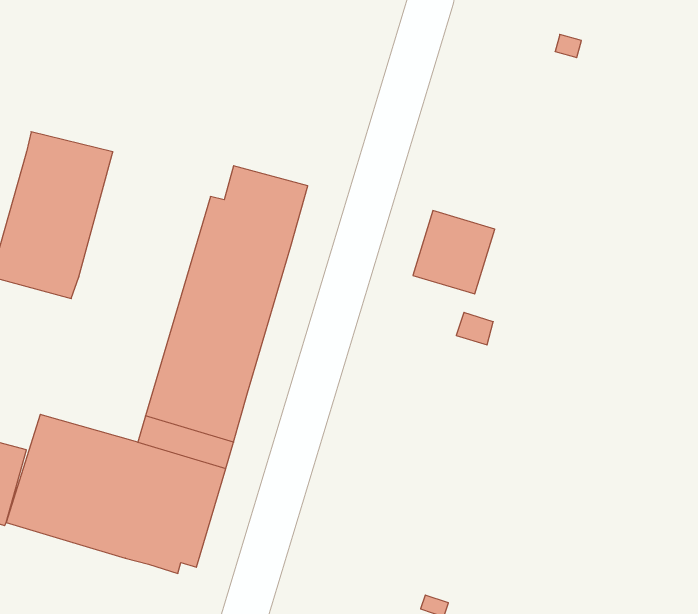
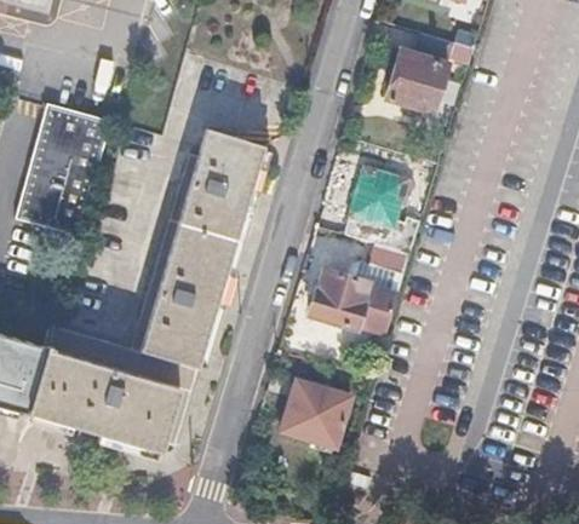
building: none -> [386,31,452,113]
building: none -> [309,269,399,334]
building: none -> [279,376,355,448]

